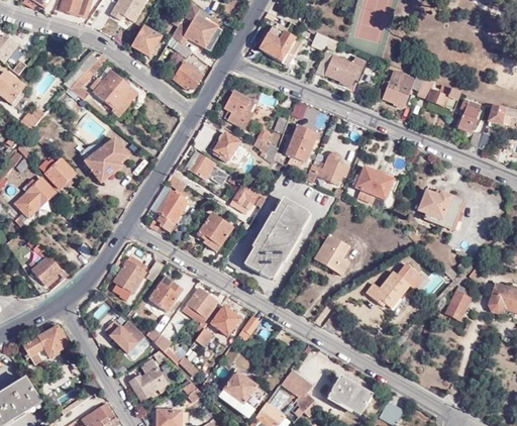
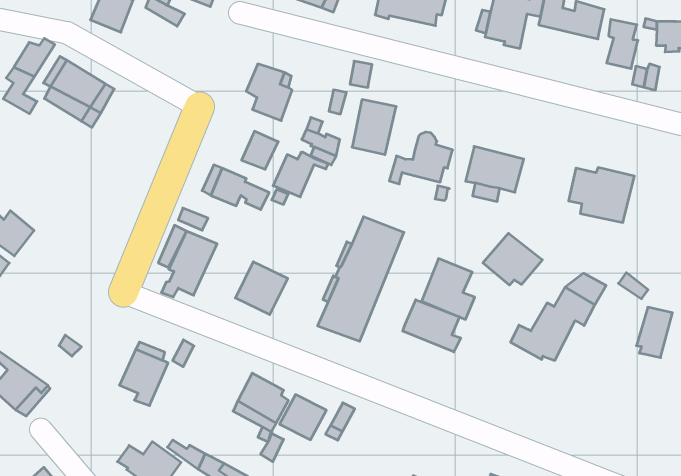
building: [175,63,202,91] -> none
building: [86,139,129,182] -> none
building: [230,185,268,213] -> [273,152,328,197]
building: none -> [483,233,542,285]
building: none -> [403,300,461,352]
building: [149,277,183,311] -> none

